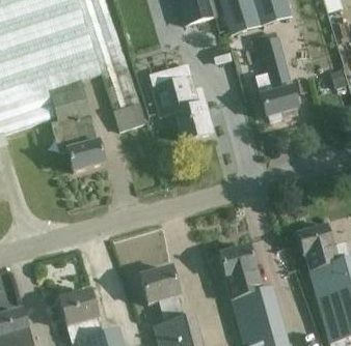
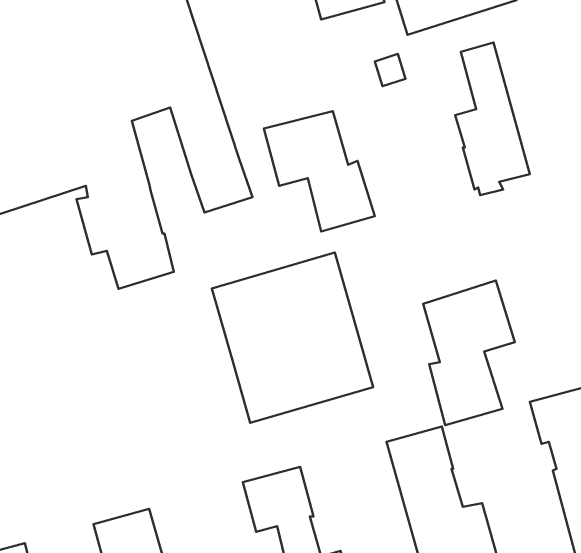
building: none -> [212,253,373,423]
building: none -> [423,281,515,425]

